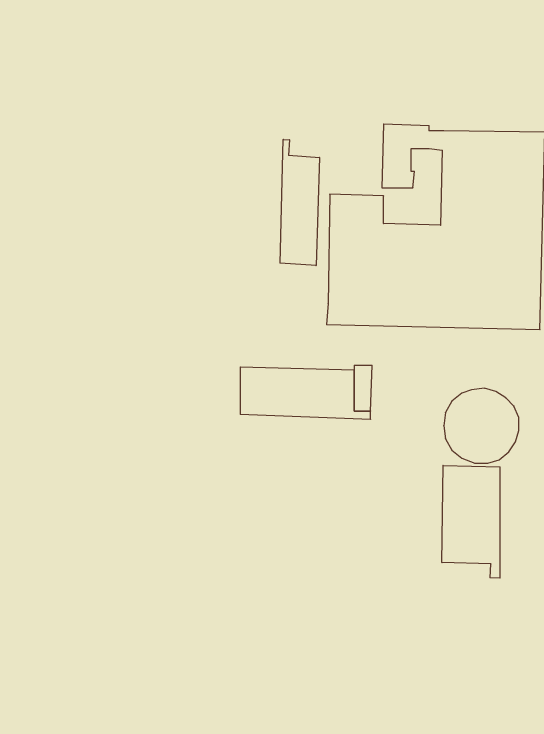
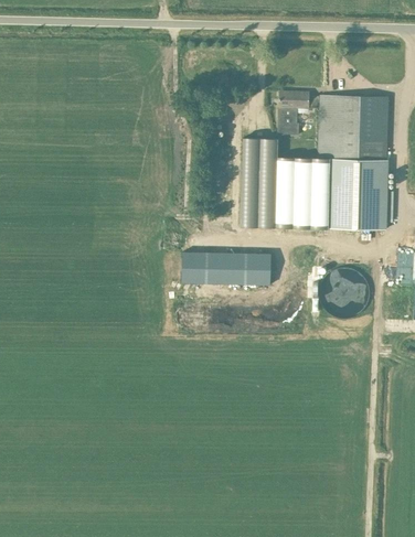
building: [280,139,319,266] -> none
building: [442,465,500,578] -> none

